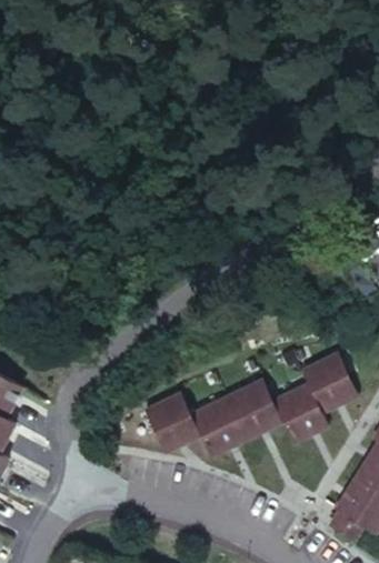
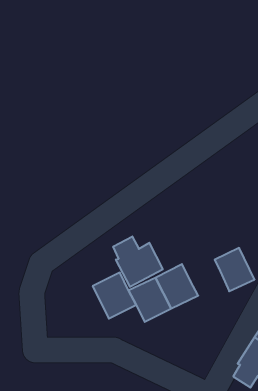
building: none -> [113,236,163,287]
building: [273,384,329,442] -> none

